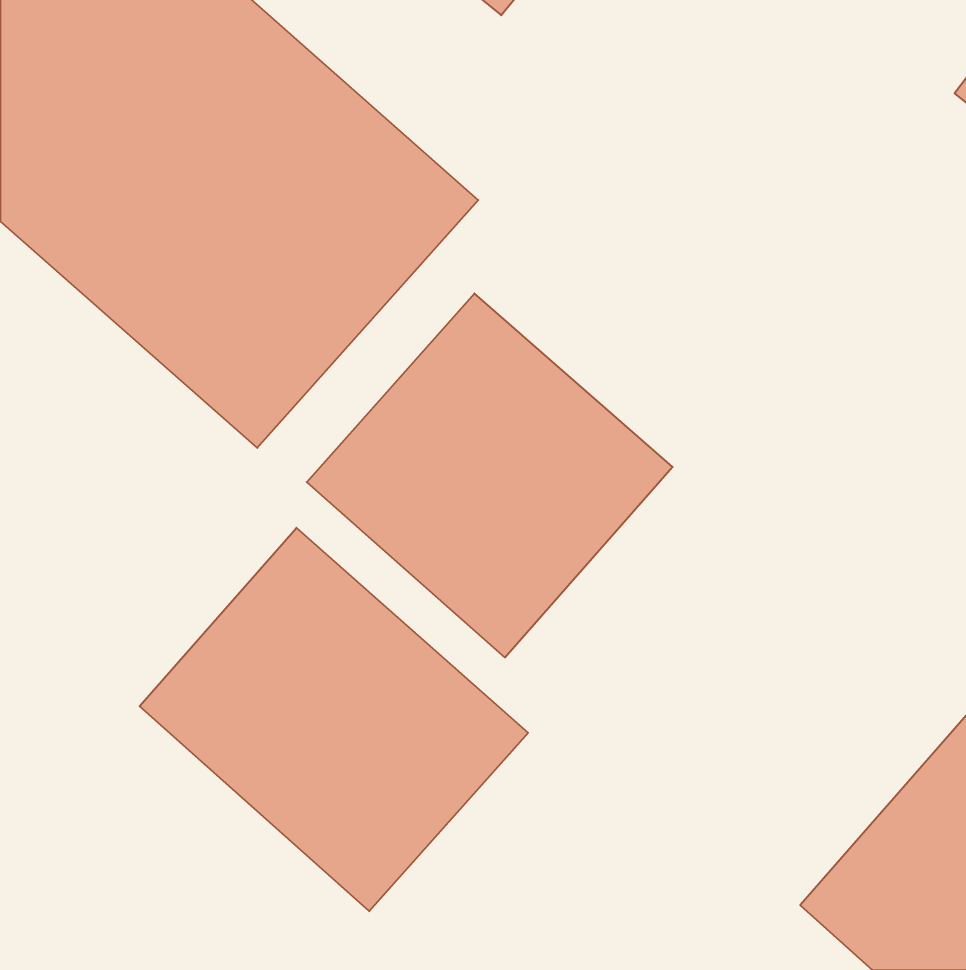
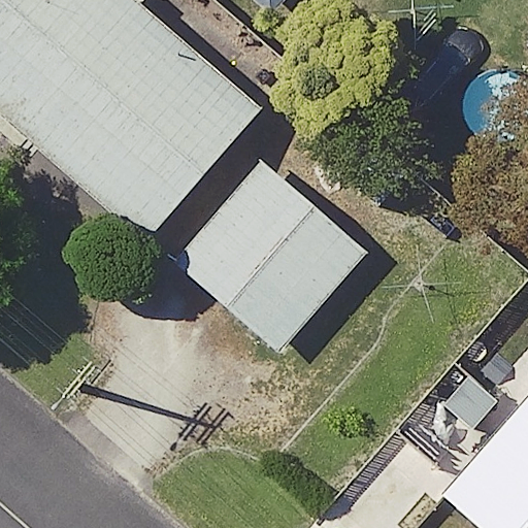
building: [140,528,528,911] -> none

